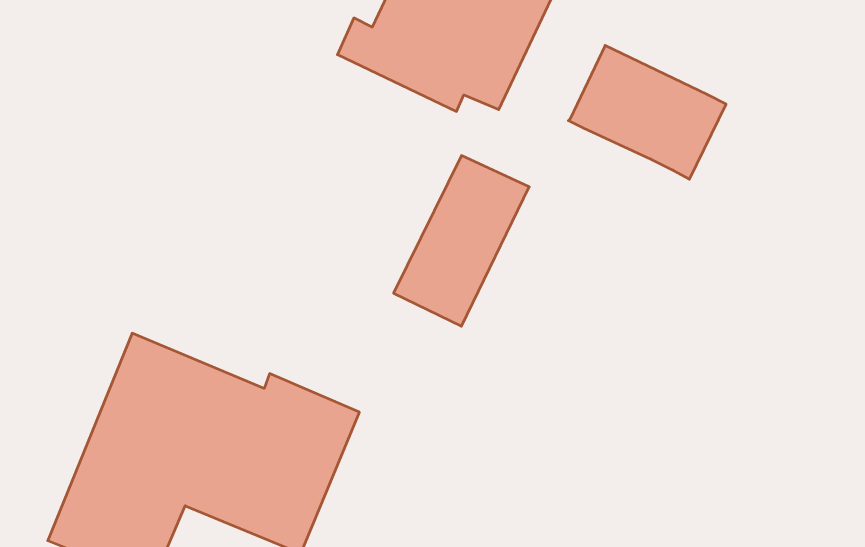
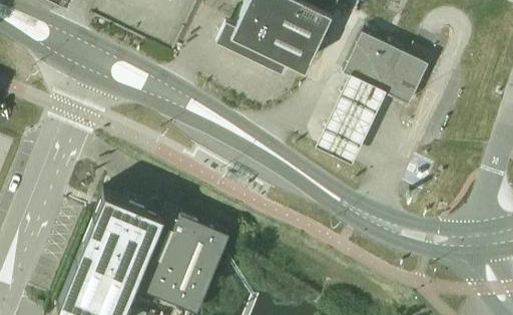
building: [394,156,529,326] -> [314,77,388,171]

